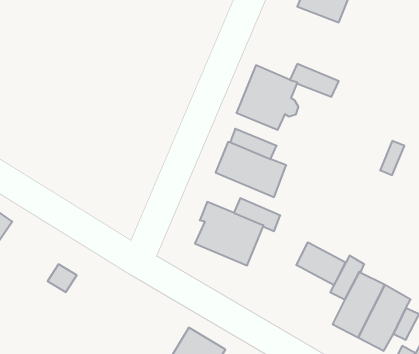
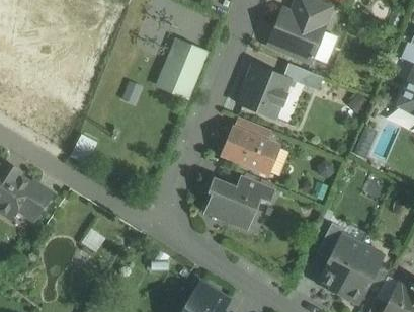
building: none -> [267,15,325,60]
building: none -> [157,41,205,98]
building: [296,242,345,285] -> none

